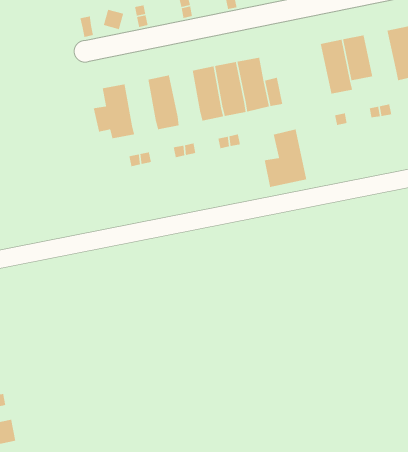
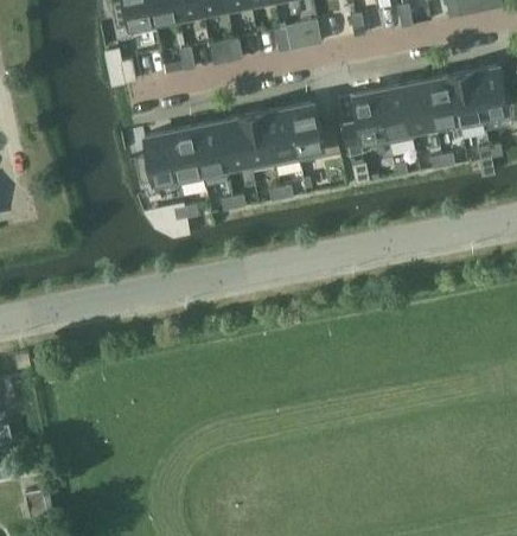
building: none -> [425,76,458,126]
building: none -> [217,119,249,168]
building: none -> [170,128,204,187]
building: [264,129,307,188] -> [343,90,389,153]

